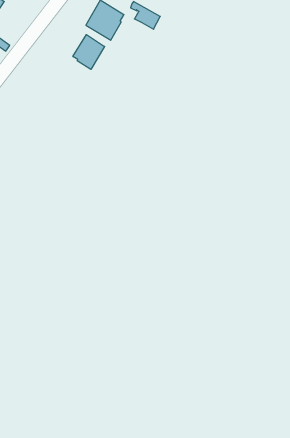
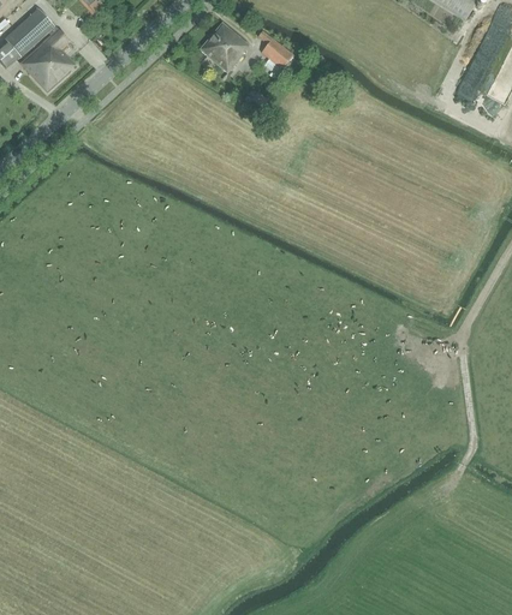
building: [73,35,105,69] -> none

